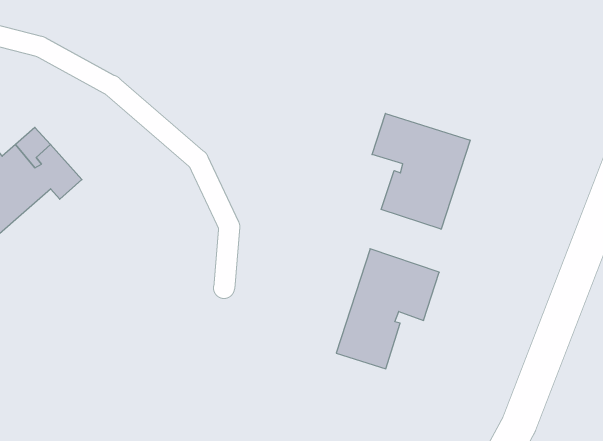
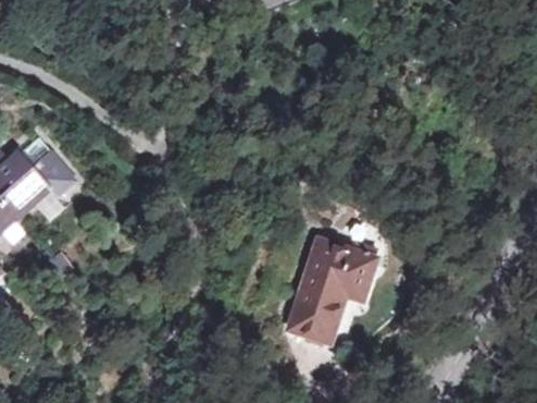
building: [372,113,470,229] -> none

